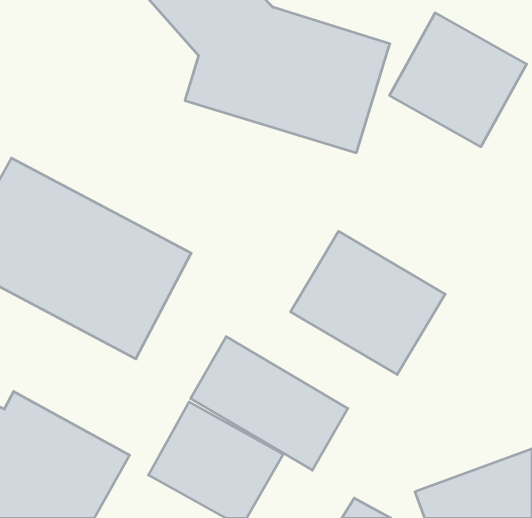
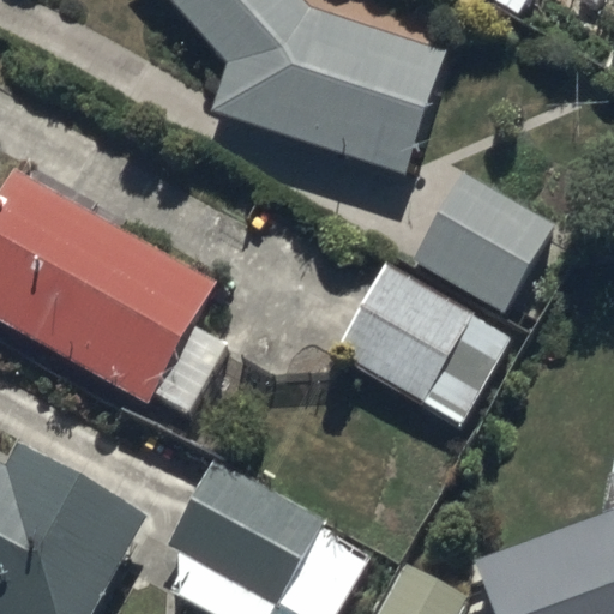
building: [390,13,527,147] -> none
building: none -> [415,174,554,312]
building: [191,337,348,470] -> none

